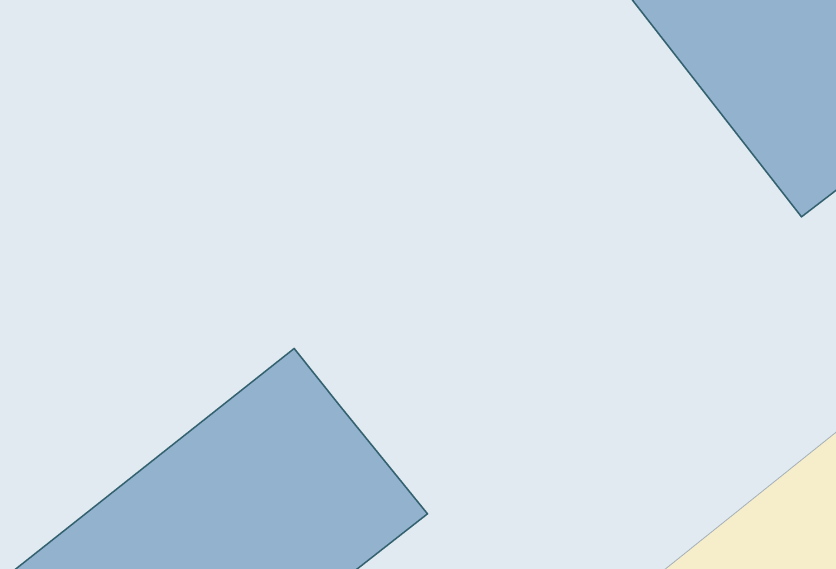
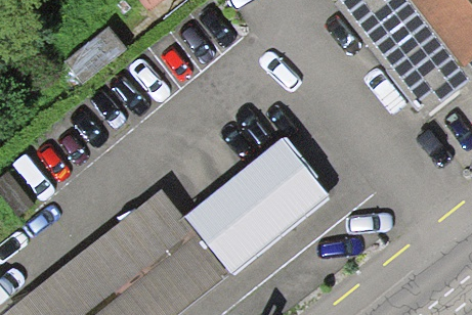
building: none -> [189,138,332,269]

